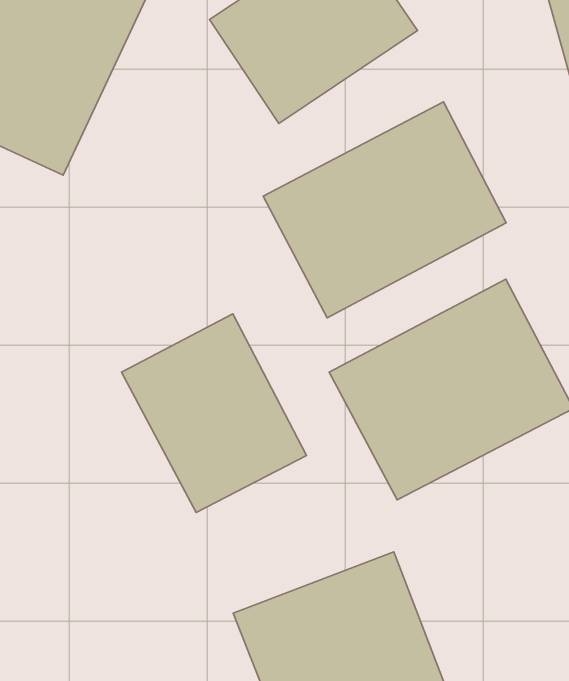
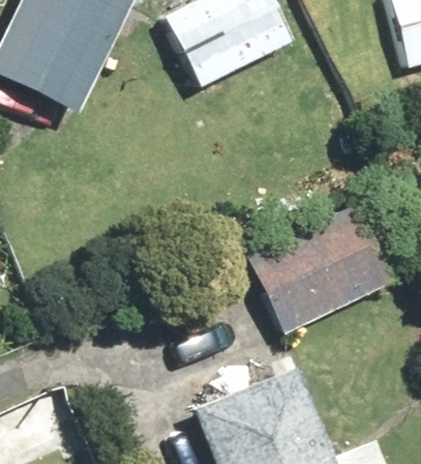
building: [263,102,506,318] -> none
building: [122,314,307,513] -> none

